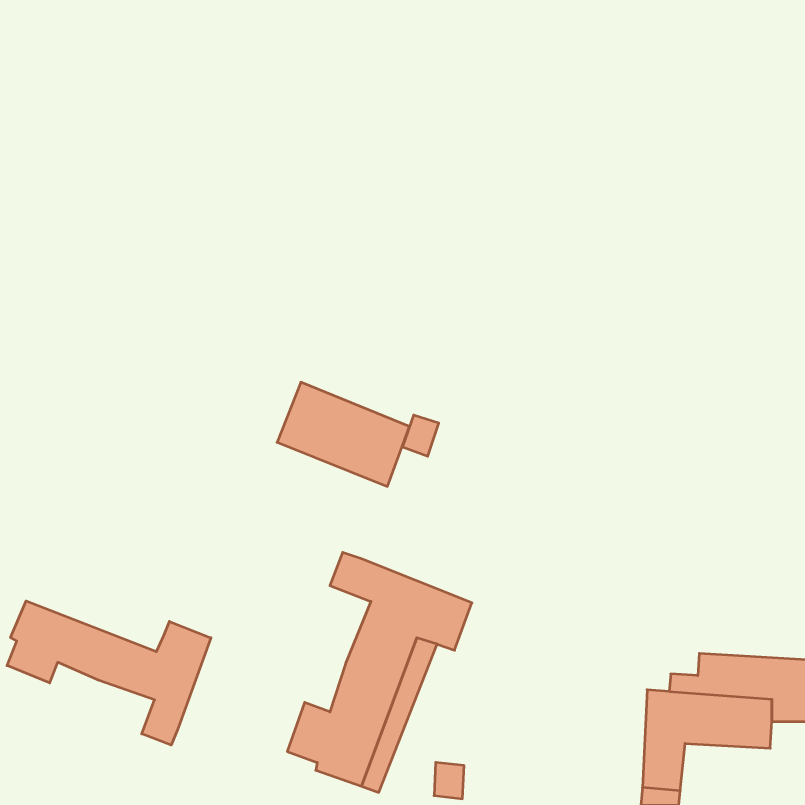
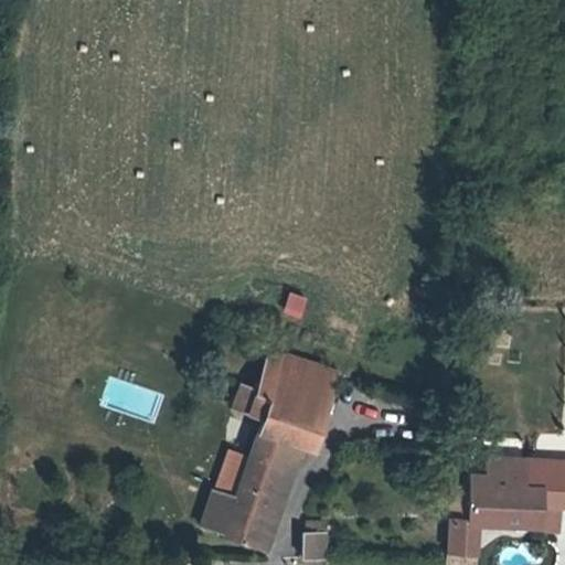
building: [277,382,410,486] -> [254,349,347,422]
building: [7,601,211,745] -> none

